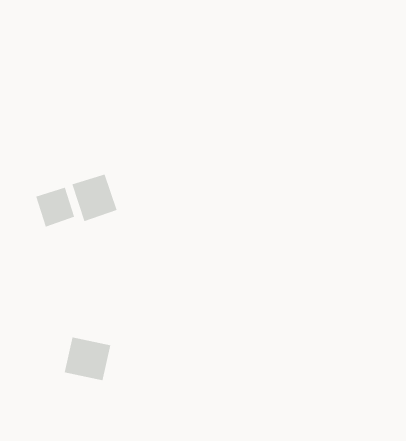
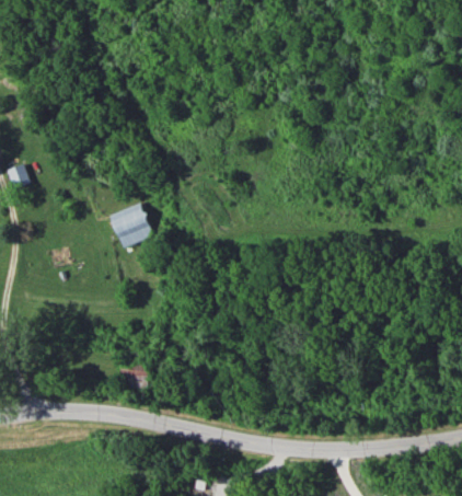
building: [35,187,75,228] -> none

